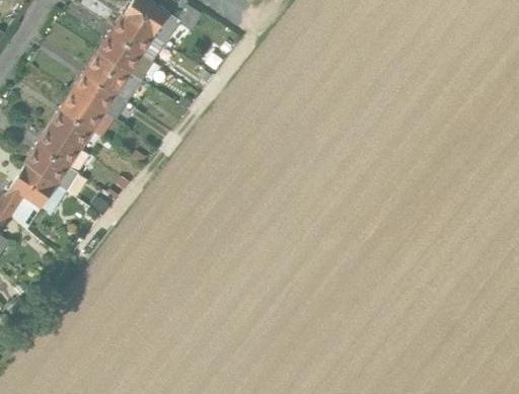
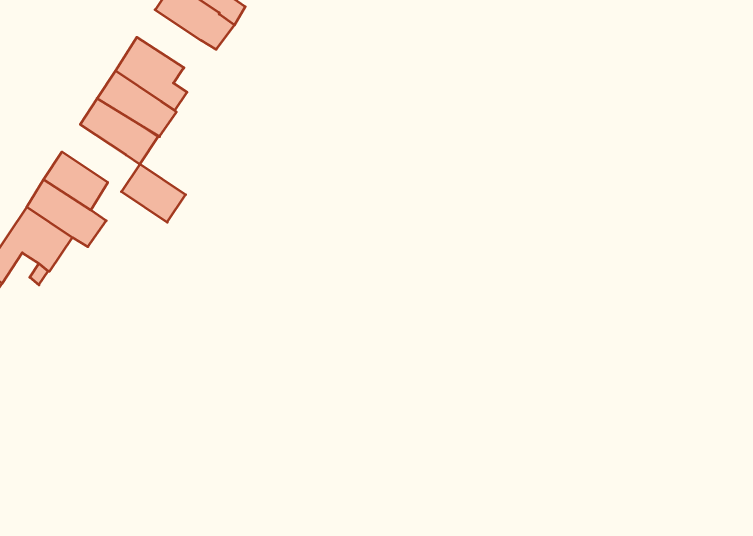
building: [99,33,152,79] -> none
building: [50,109,92,148] -> [121,164,186,222]

